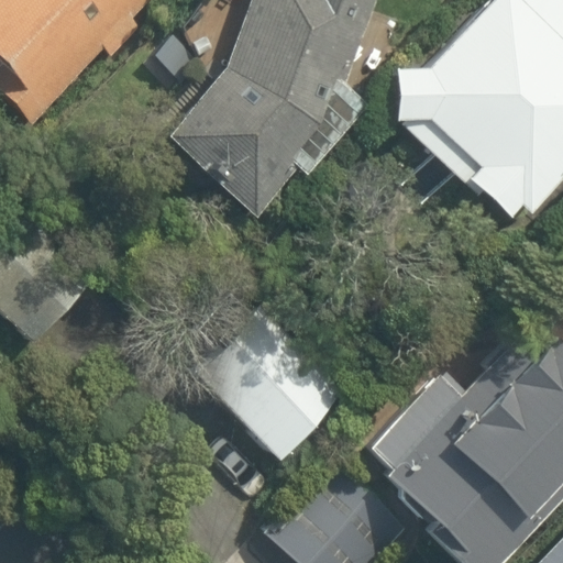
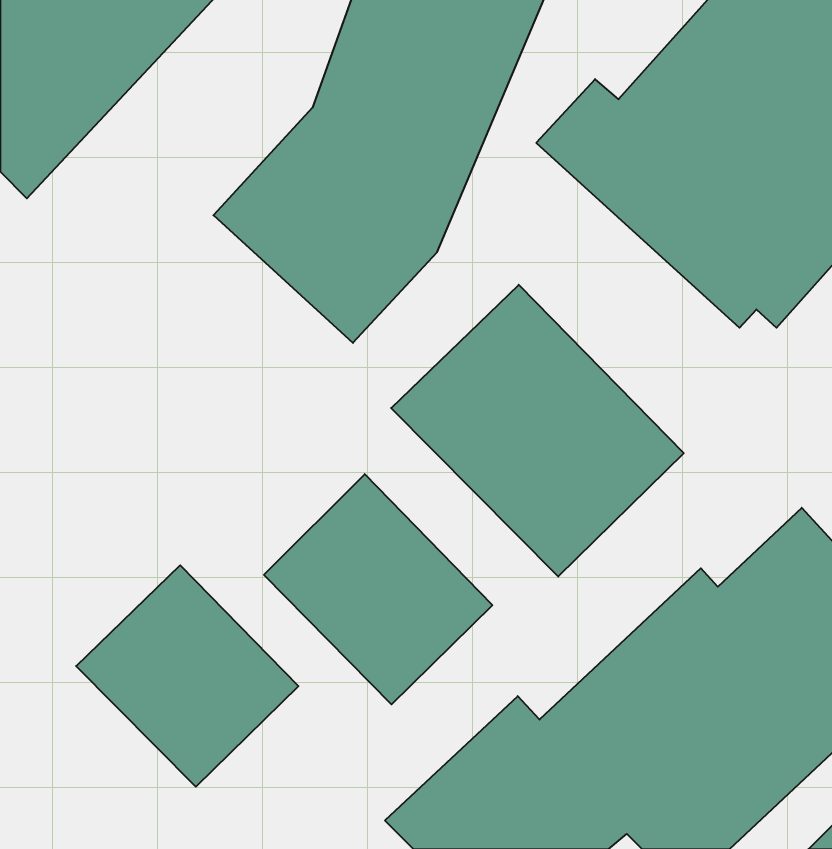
building: none -> [391,285,684,577]
building: none -> [76,565,298,787]

